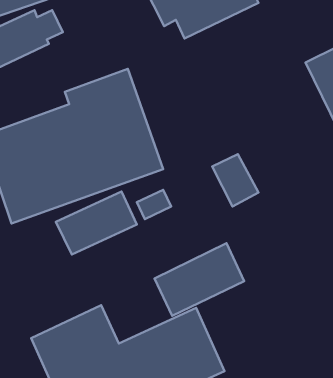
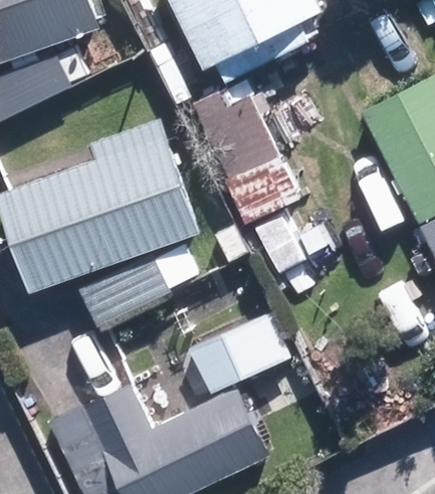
building: none -> [192,85,301,224]

